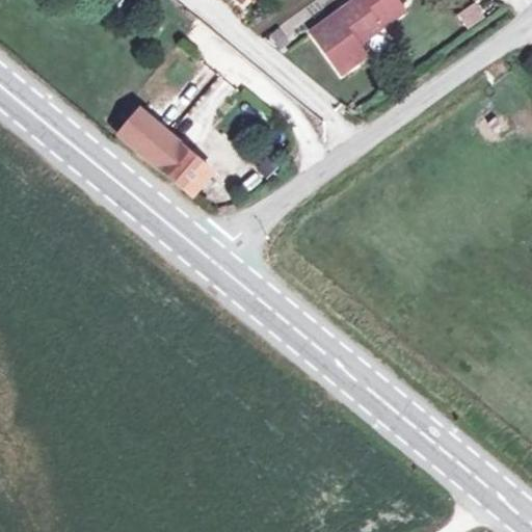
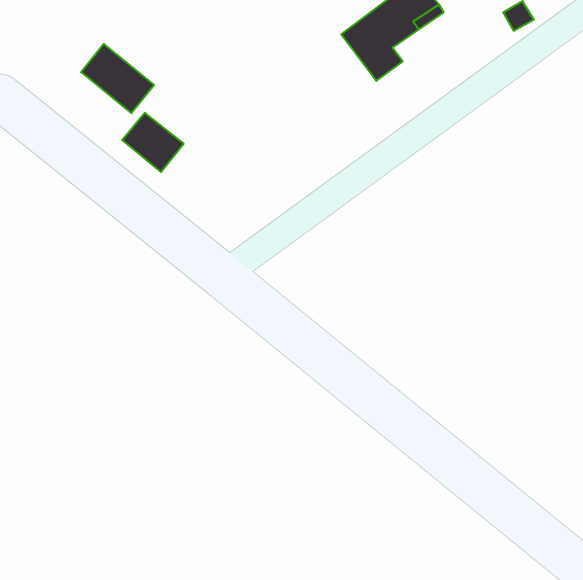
building: [147,131,213,194] -> [81,44,154,113]

